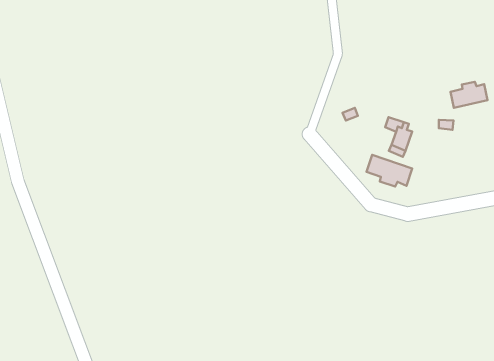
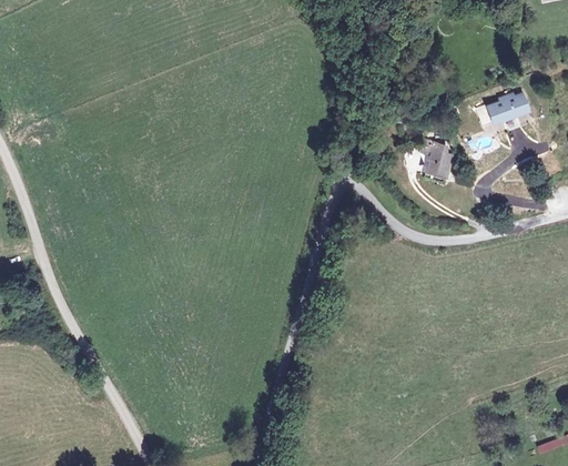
building: [367,155,412,187] -> none

